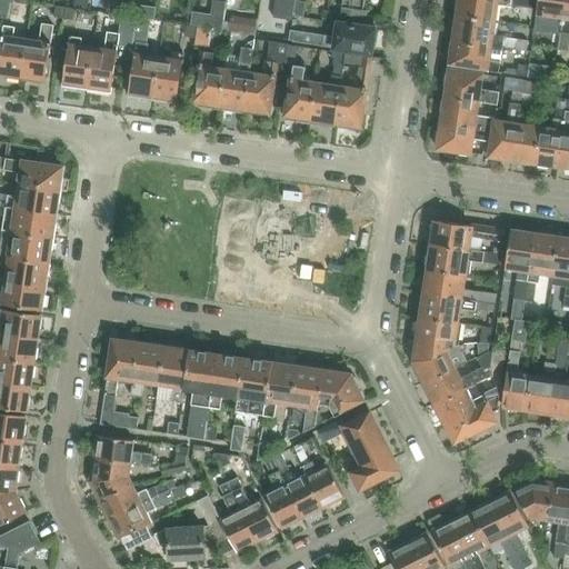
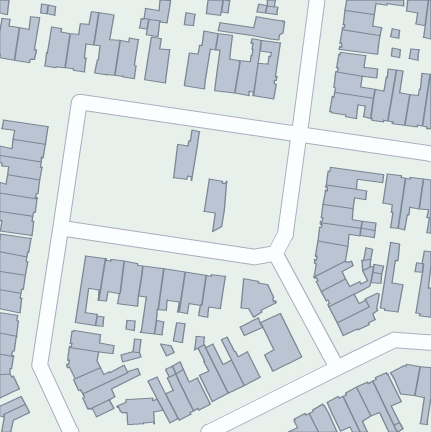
building: [218,47,252,112] -> [173,130,200,180]
building: [523,361,555,413] -> none
building: [290,363,320,432] -> [204,179,227,232]

